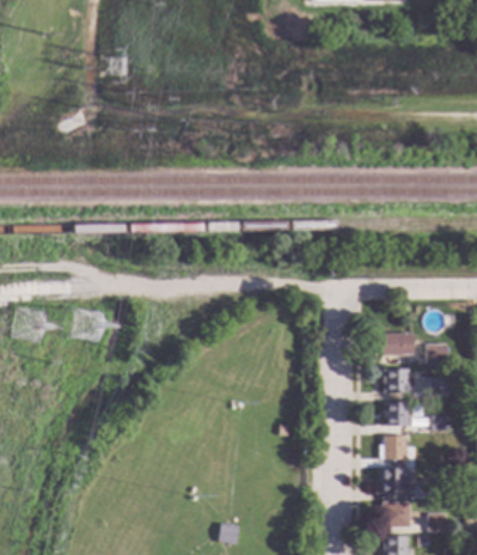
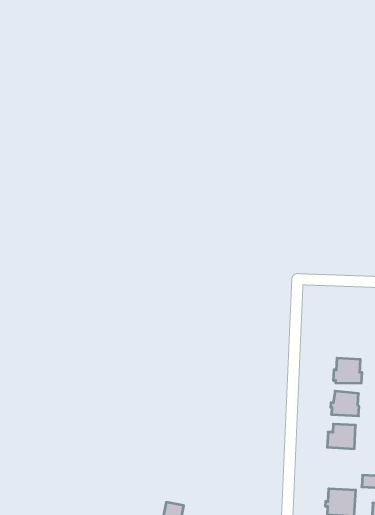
building: [375,333,414,356] -> none
building: [381,469,406,493] -> none

